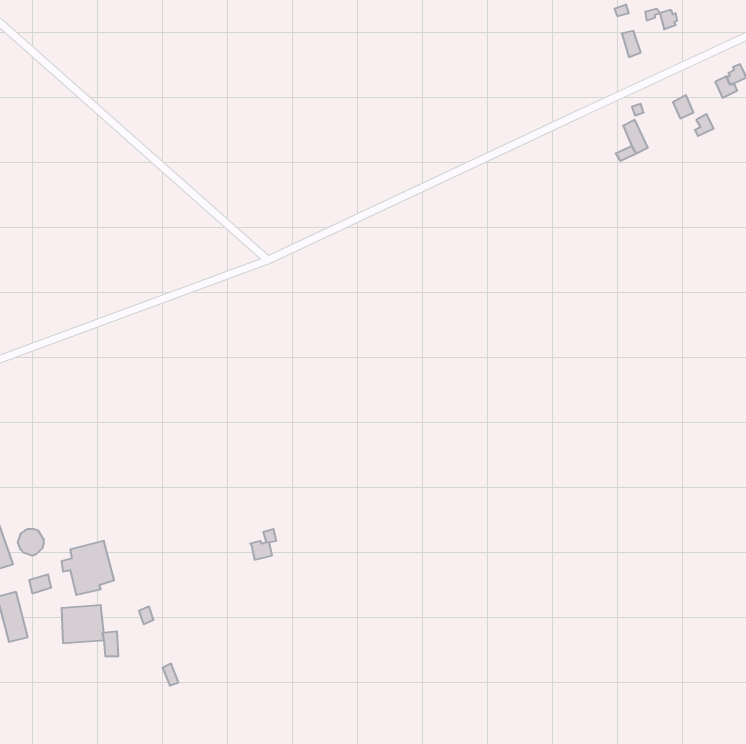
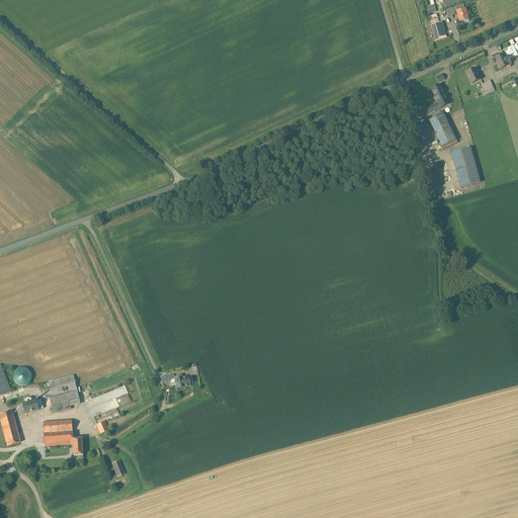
building: none -> [428,111,455,146]
building: none -> [450,146,480,186]

